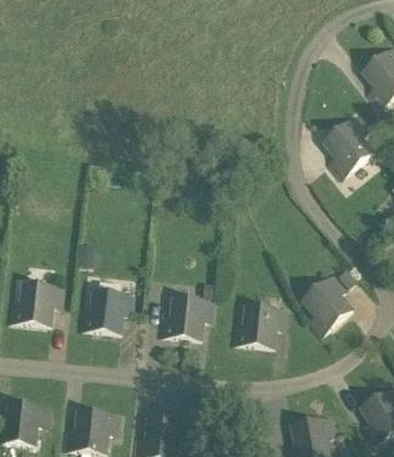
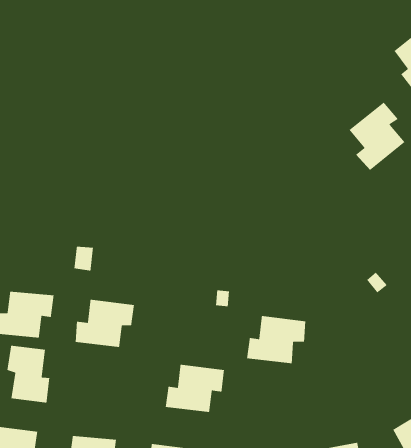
building: [302,273,352,334] -> none
building: [160,295,213,339] -> [165,364,225,413]
building: none -> [6,345,50,403]

